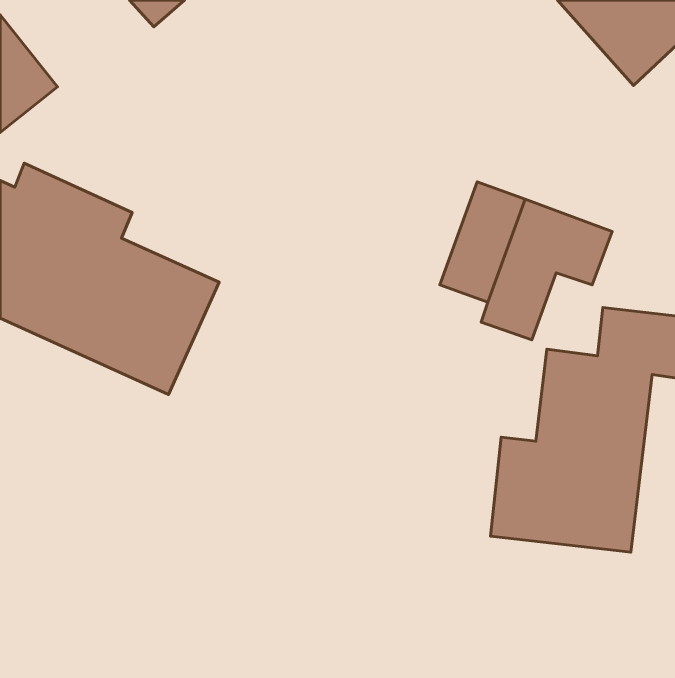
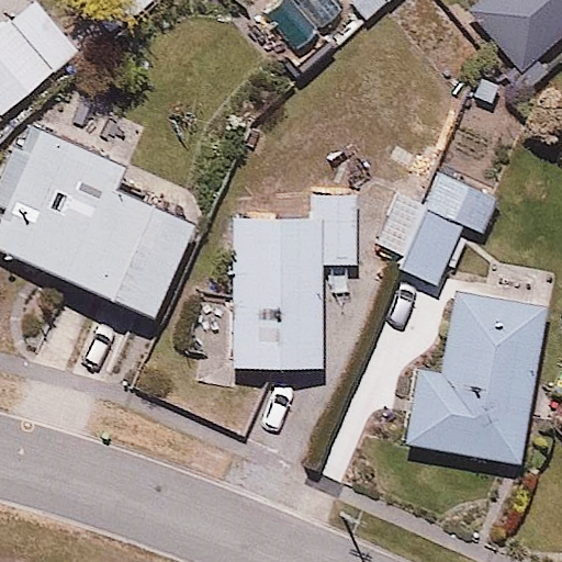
building: none -> [198,190,361,389]

